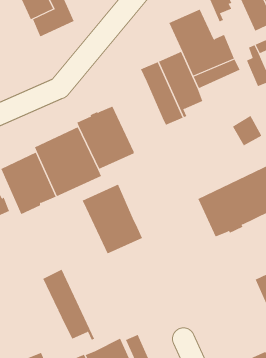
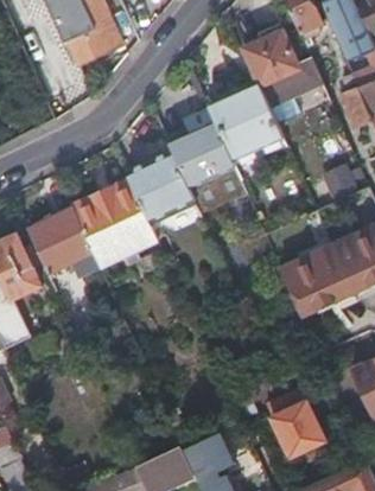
building: [82,184,143,254] -> [166,121,243,210]
building: [43,269,95,340] -> none
building: none -> [266,389,323,458]

